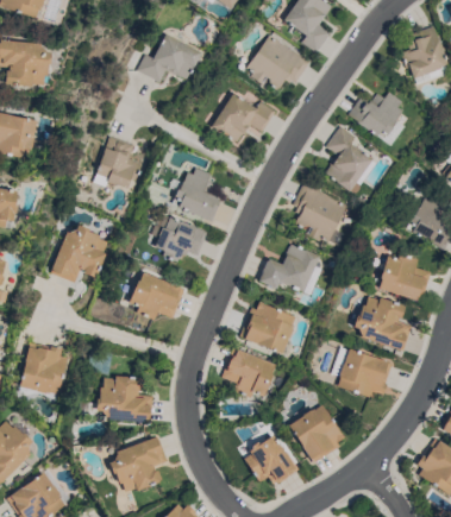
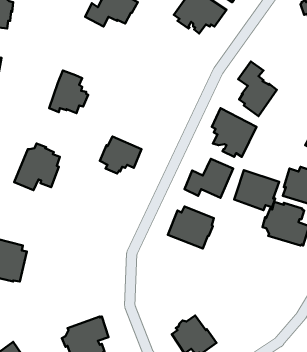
building: [349,92,402,137] -> none
building: [212,93,276,141] -> none
building: [173,166,221,221] -> none
building: [130,272,186,320] -> none
building: [221,347,275,398] -> none
building: [338,349,393,398] -> [234,170,279,210]
building: [81,374,154,421] -> none
building: [289,404,344,462] -> none

